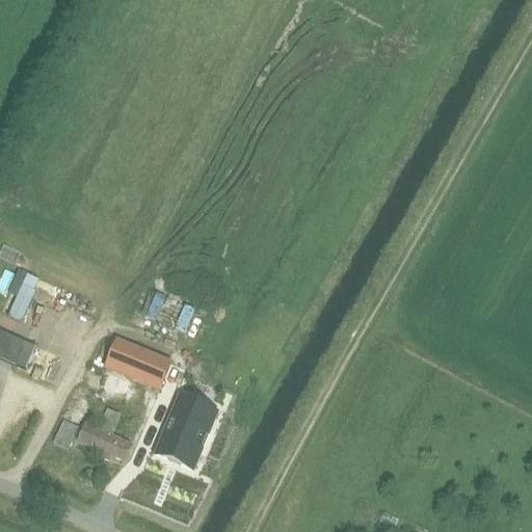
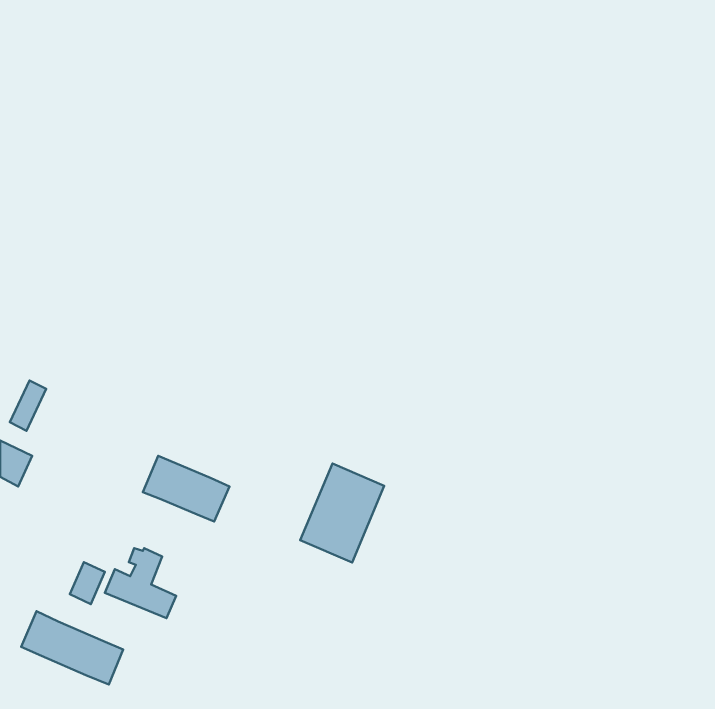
building: [155,395,217,469] -> [300,463,384,563]
building: none -> [21,611,123,684]

